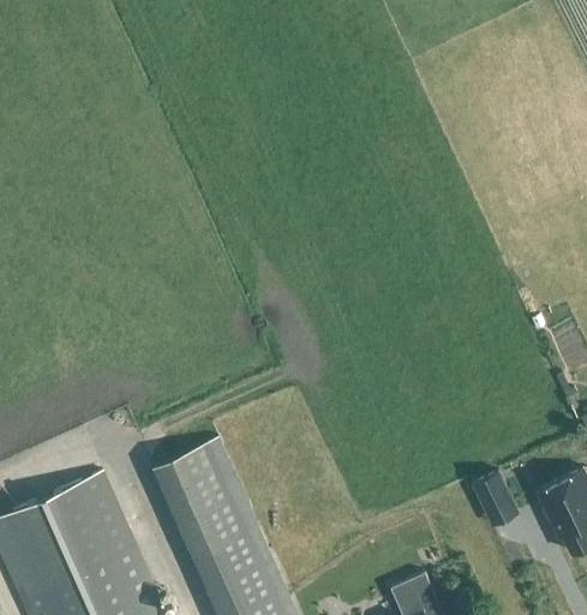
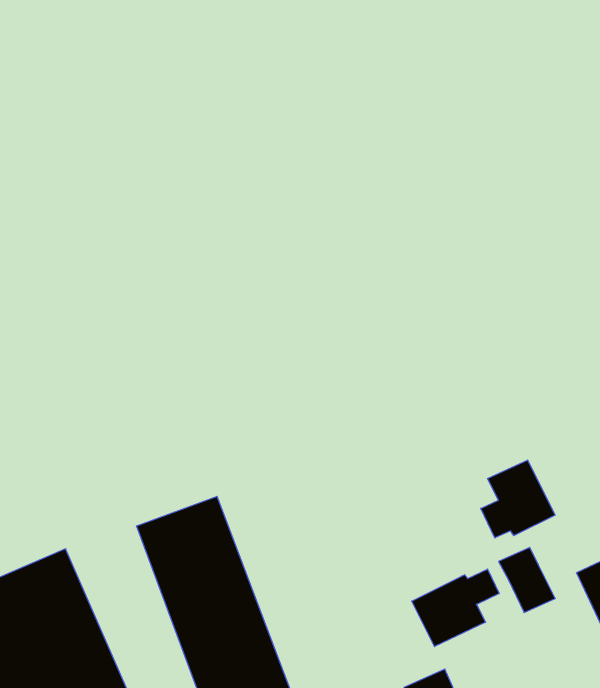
building: none -> [481,460,555,538]
building: none -> [412,569,499,647]

